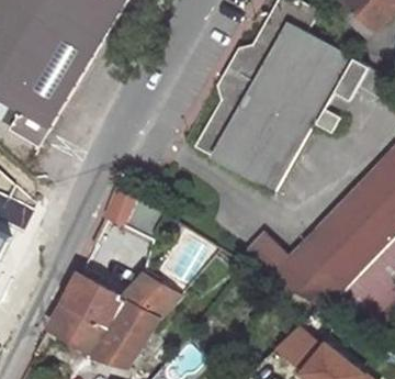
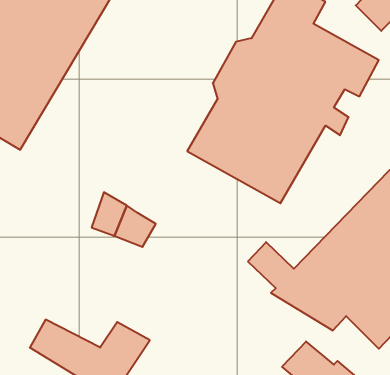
building: [61,271,177,326] -> none

